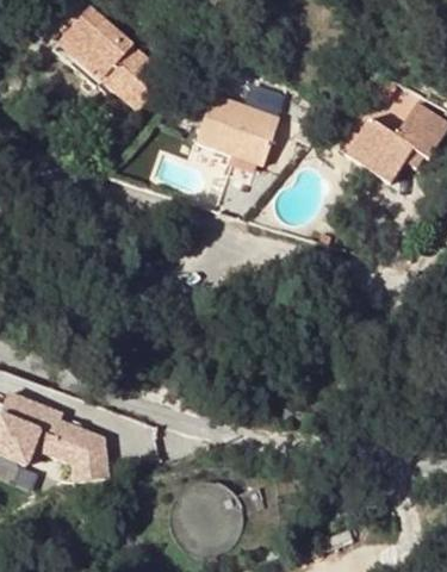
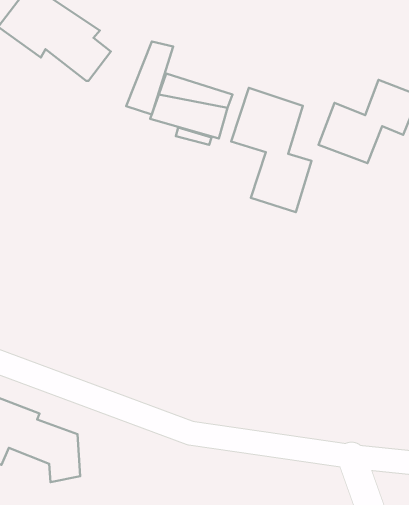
building: none -> [126,41,173,114]
building: none -> [231,88,312,212]

